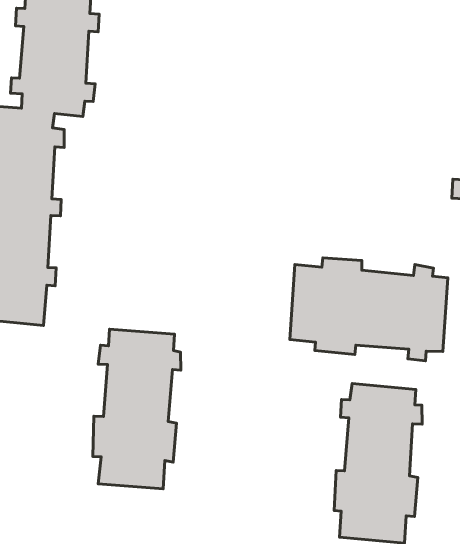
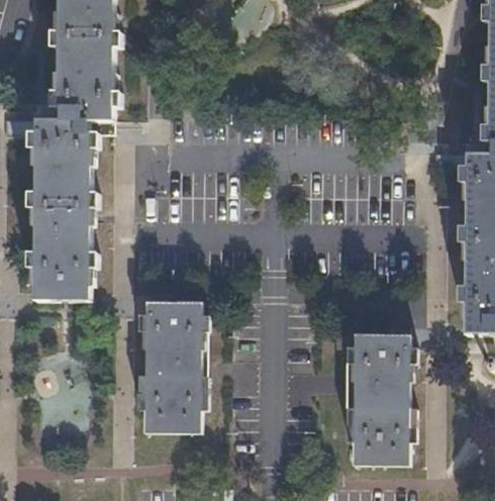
building: [290,258,448,361] -> none

